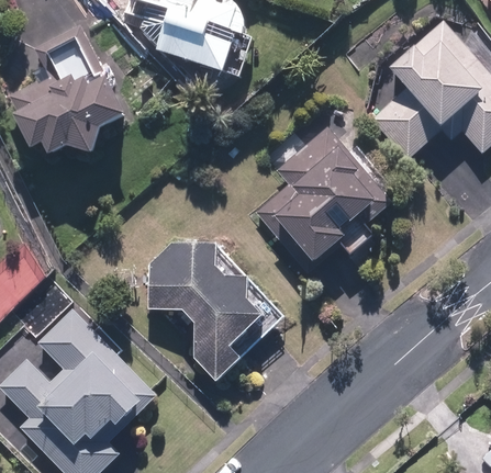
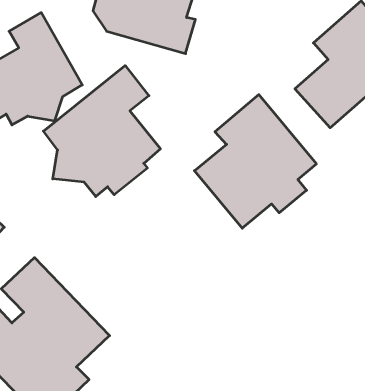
building: none -> [43,66,160,197]
building: [144,238,286,381] -> none

